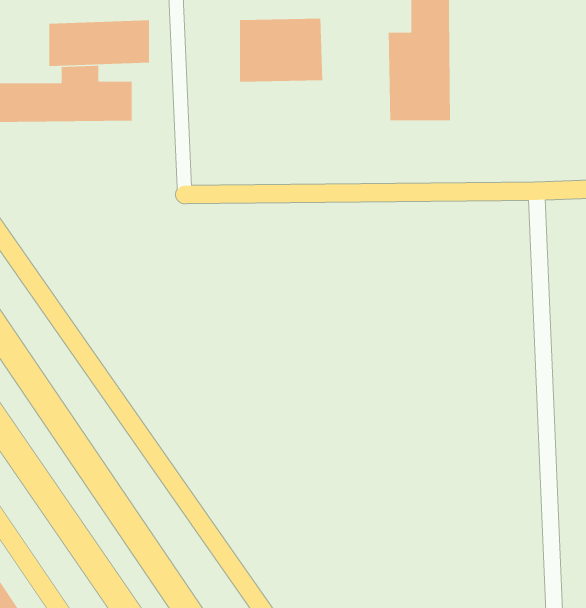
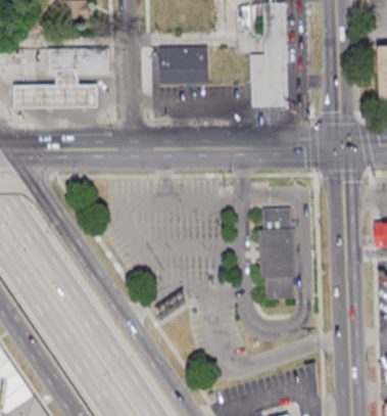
building: none -> [259,207,294,298]

